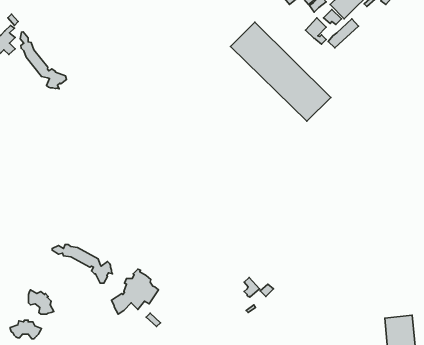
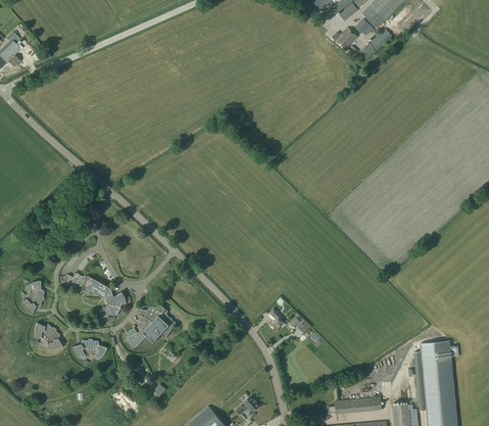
building: [230,22,331,121] -> none
building: [20,32,66,89] -> none
building: none -> [21,281,44,314]
building: [10,320,41,339] -> [72,339,106,360]

